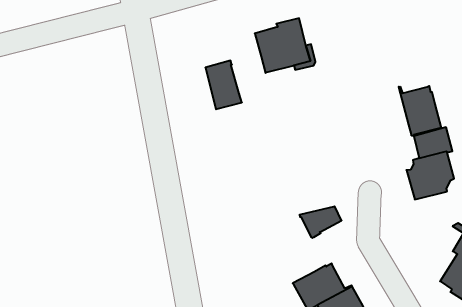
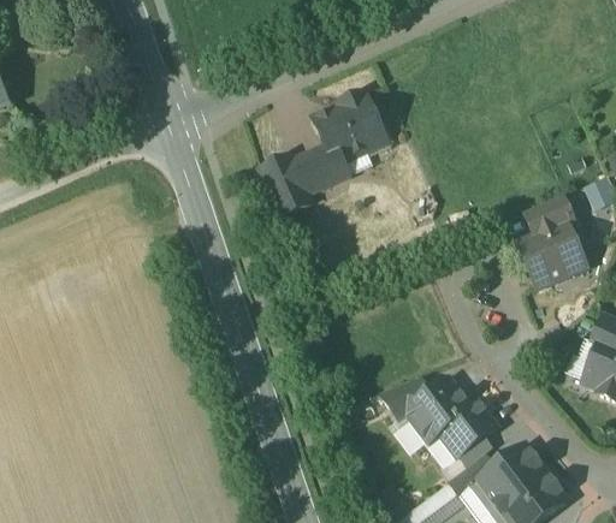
building: none -> [290,144,342,194]
building: [399,86,441,136] -> none
building: [299,206,342,238] -> [378,378,430,420]

